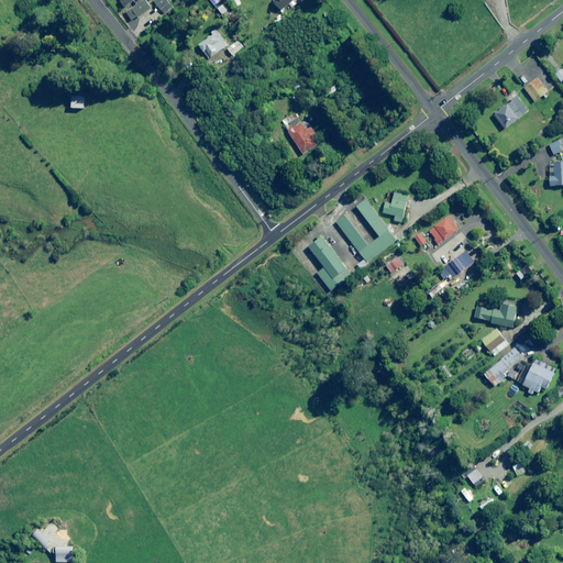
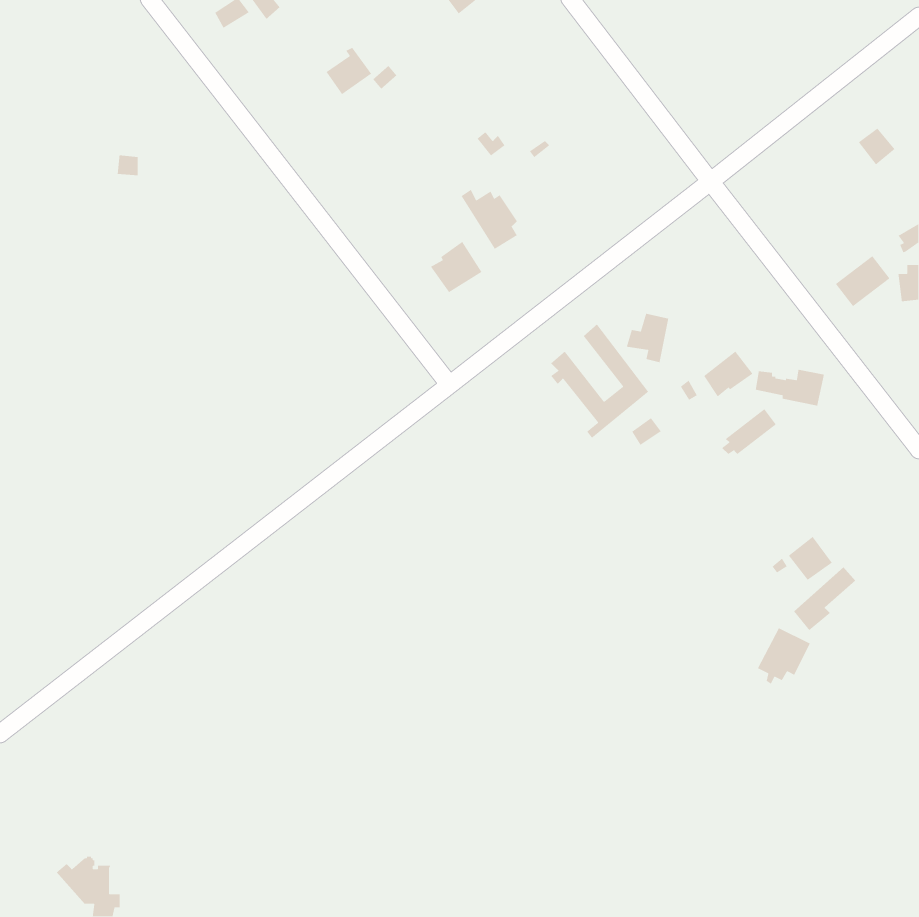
building: [494,96,528,128] -> [835,255,891,307]
building: none -> [430,241,482,293]
building: [309,234,351,288] -> none
building: [475,303,518,327] -> [755,369,825,406]
building: [523,358,556,394] -> [757,627,811,685]

